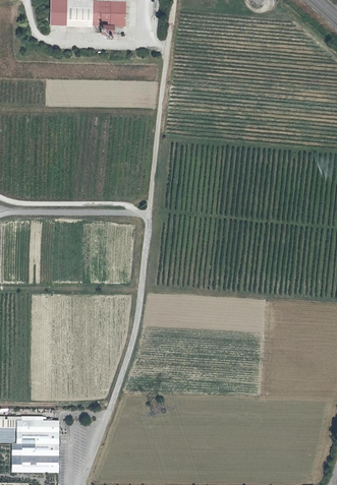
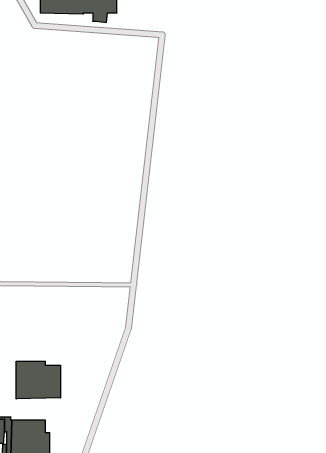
building: none -> [16,361,60,399]

